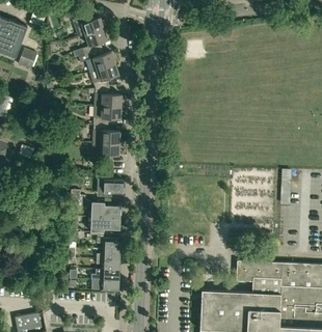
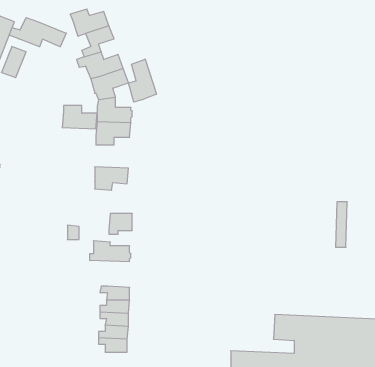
building: none -> [9,18,66,47]
building: none -> [128,59,156,102]
building: [92,124,120,143] -> [62,106,97,129]
building: [88,217,122,231] -> none

